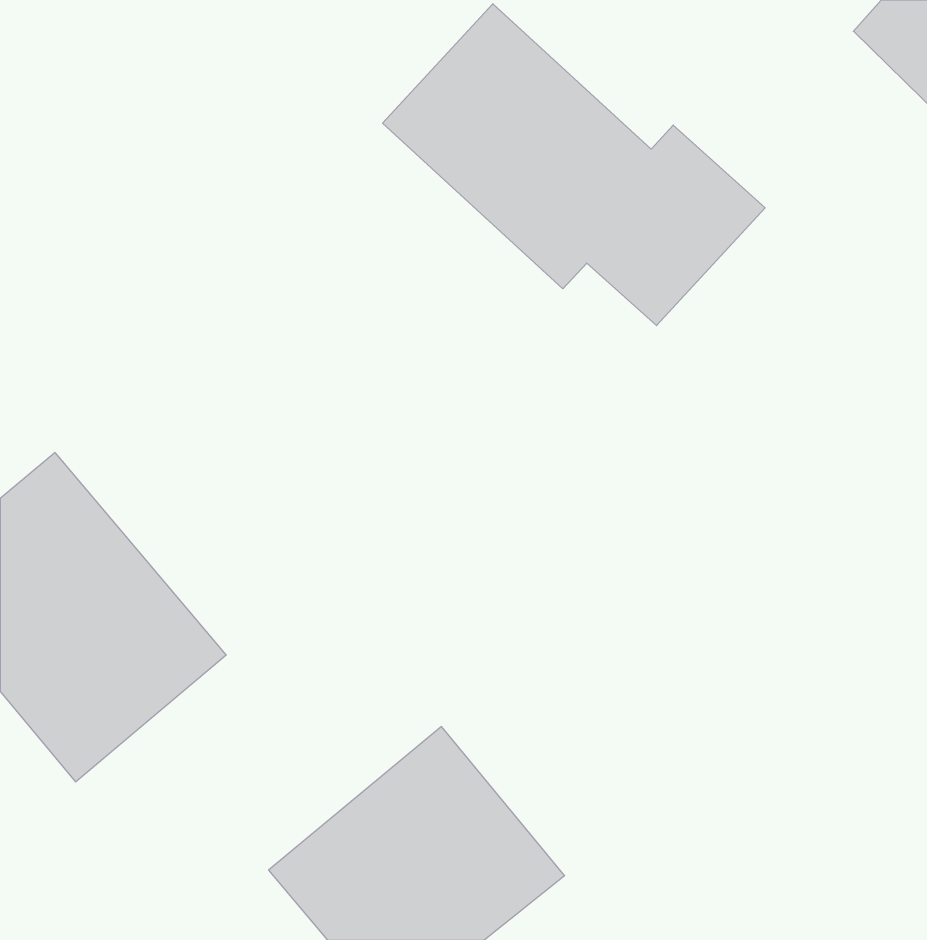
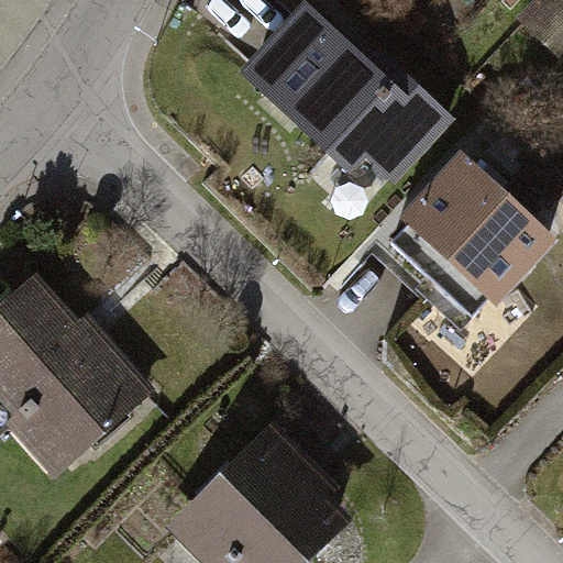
building: none -> [386,163,553,331]

